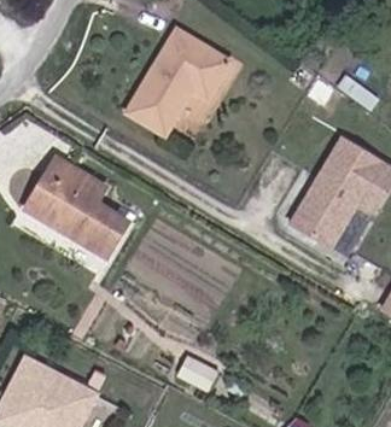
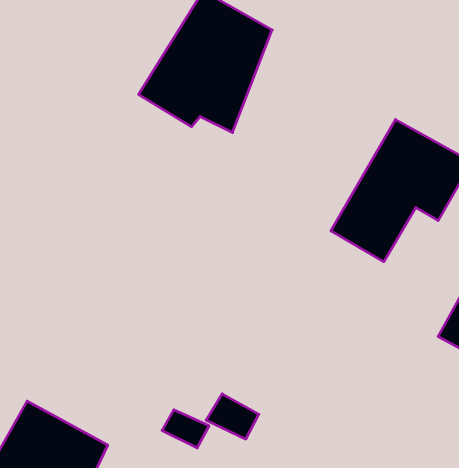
building: [21,154,129,261] -> none

